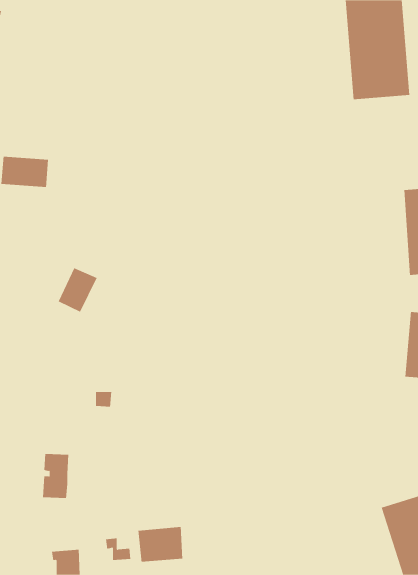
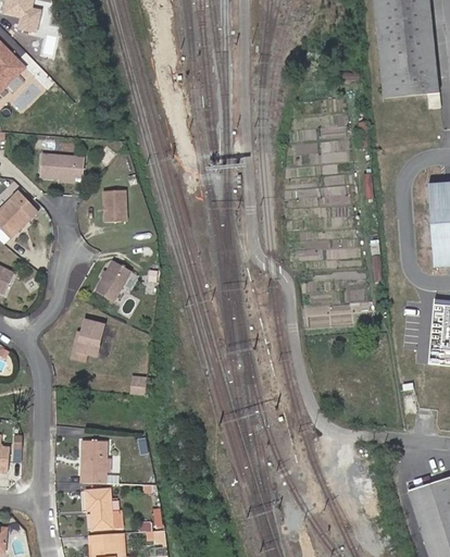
building: none -> [104,189,129,222]
building: none -> [73,317,107,361]
building: none -> [86,486,112,527]
building: [138,526,183,562] -> none

